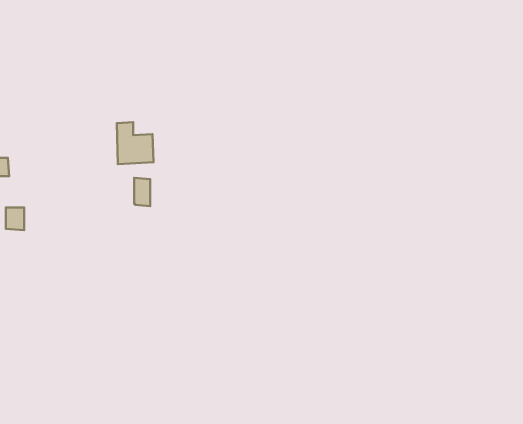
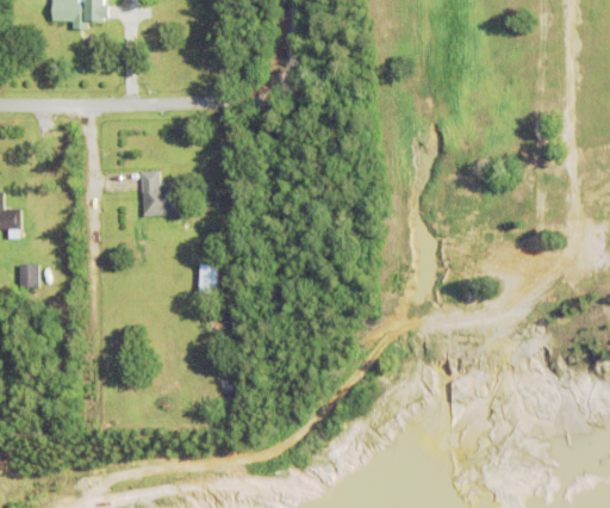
building: [134,178,150,206] -> [198,265,216,296]

